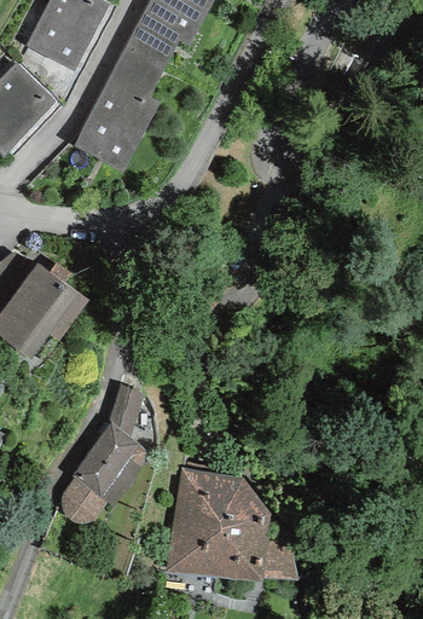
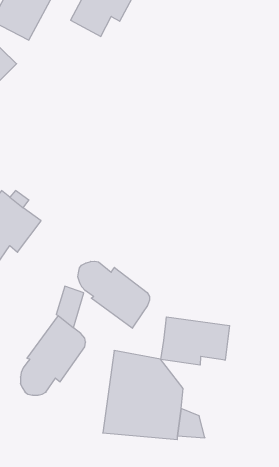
building: [73,45,166,172] -> none
building: none -> [78,261,150,328]
building: none -> [161,317,230,365]

